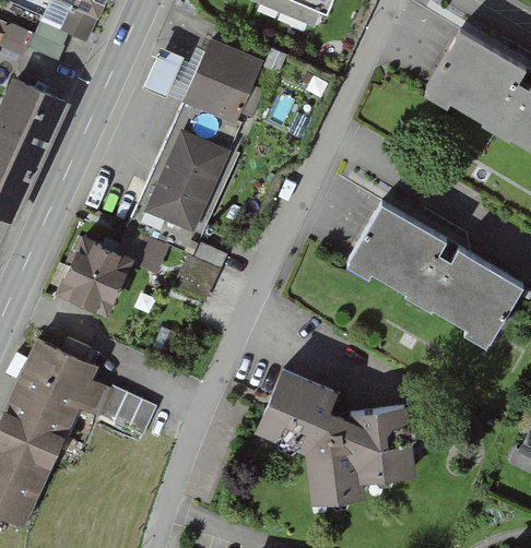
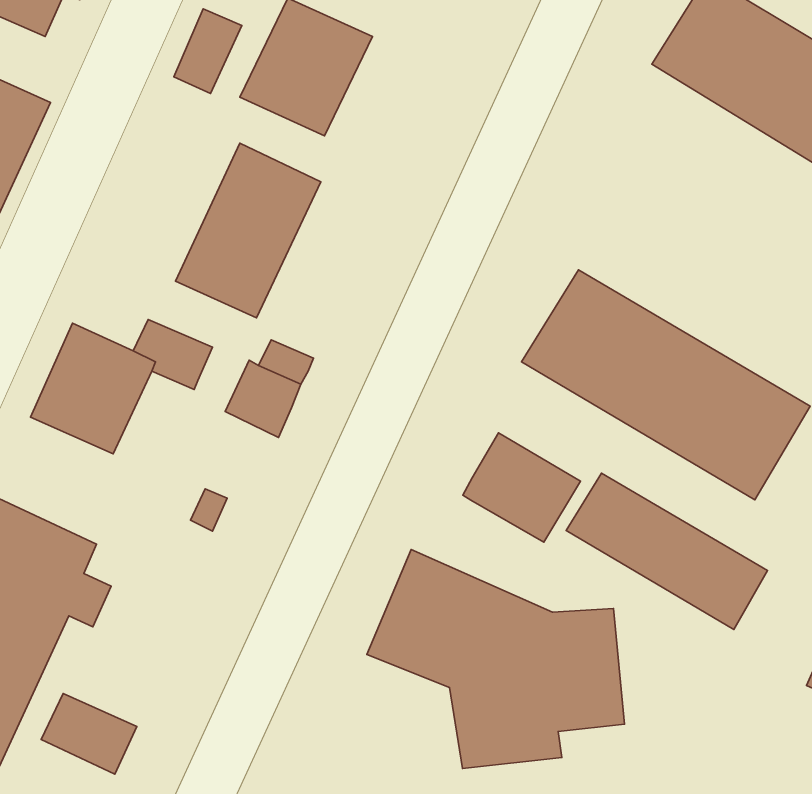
building: none -> [463,433,580,542]
building: none -> [566,473,767,629]
building: [98,390,155,438] -> [41,693,137,774]

